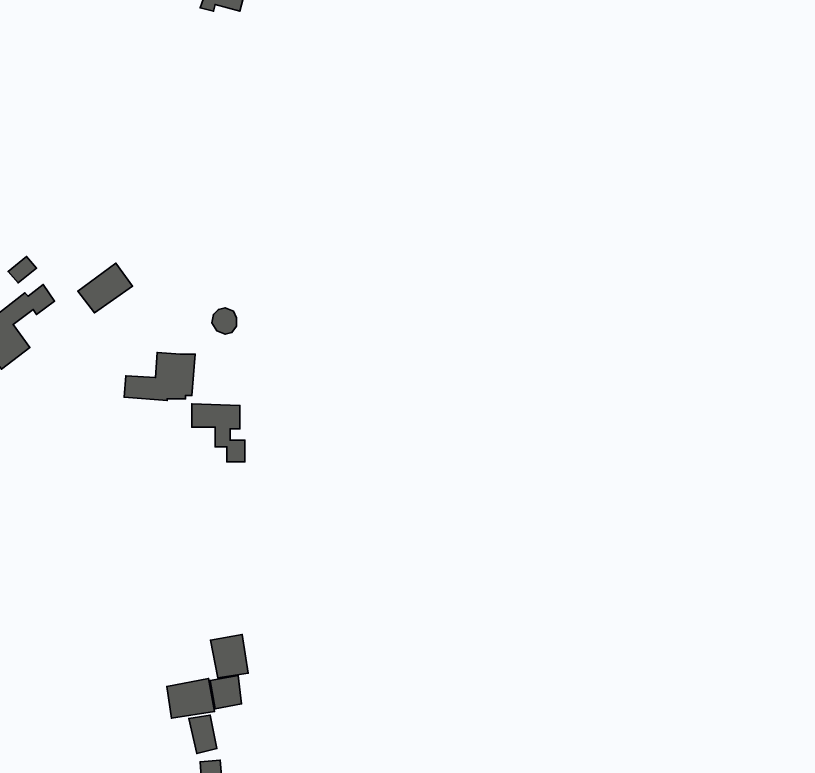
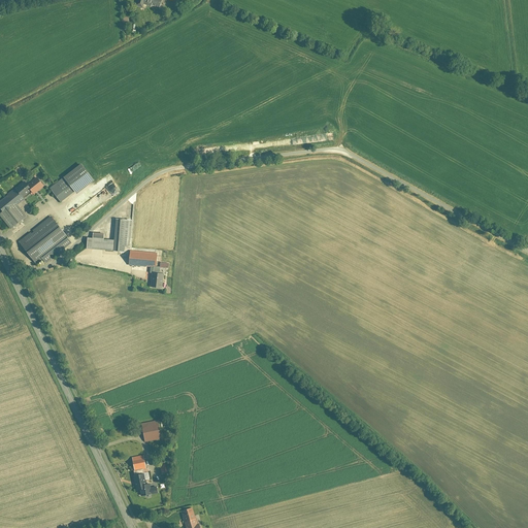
building: none -> [19,218,70,267]
building: [210,635,248,678] -> none
building: [167,679,214,718] -> none

